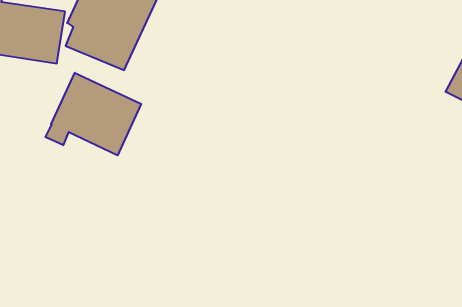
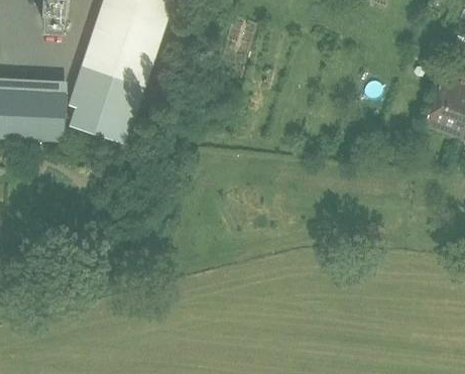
building: [46,73,141,155] -> none

